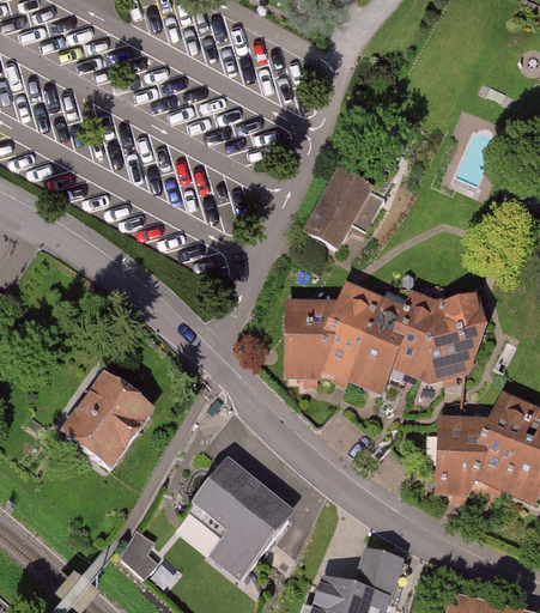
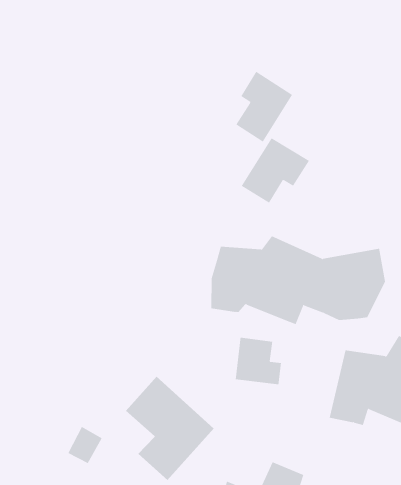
building: none -> [236,71,293,142]
building: [56,370,151,468] -> none
building: none -> [235,337,281,385]

